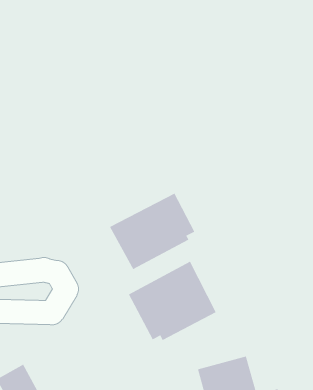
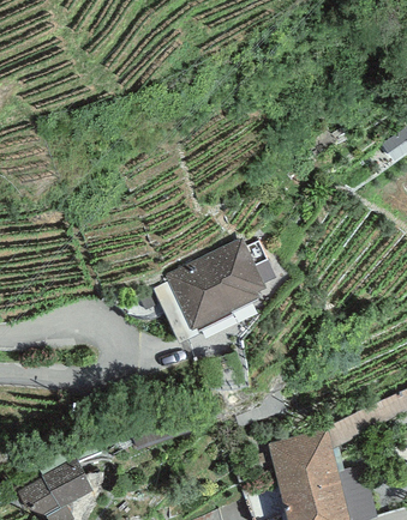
building: [128,261,216,341] -> none

